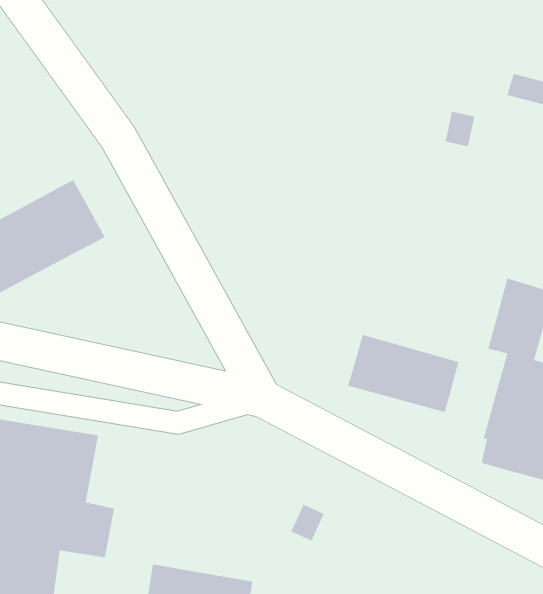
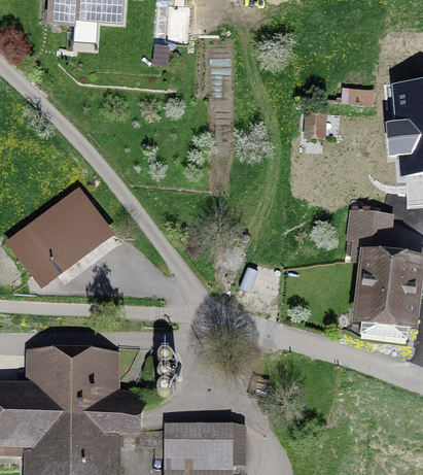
building: [347,334,459,413] -> none

